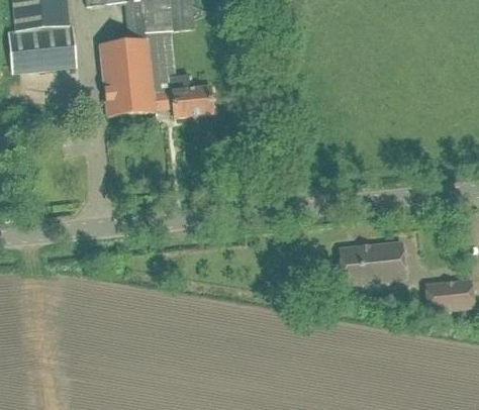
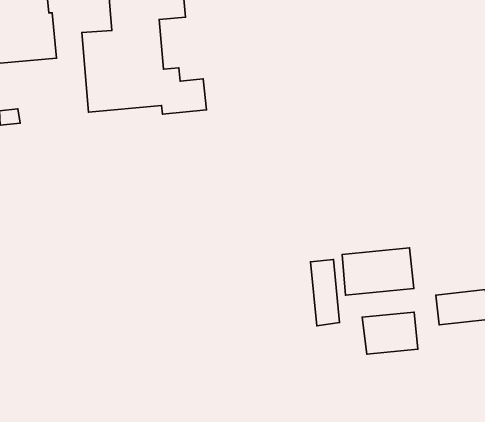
building: none -> [311,260,339,326]
building: none -> [362,312,418,354]

